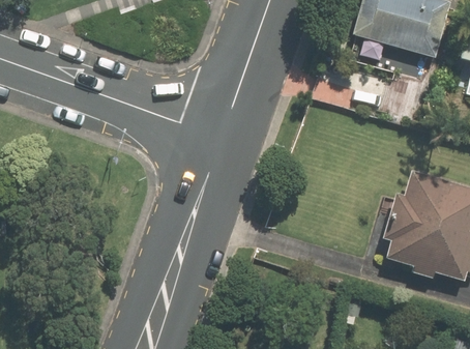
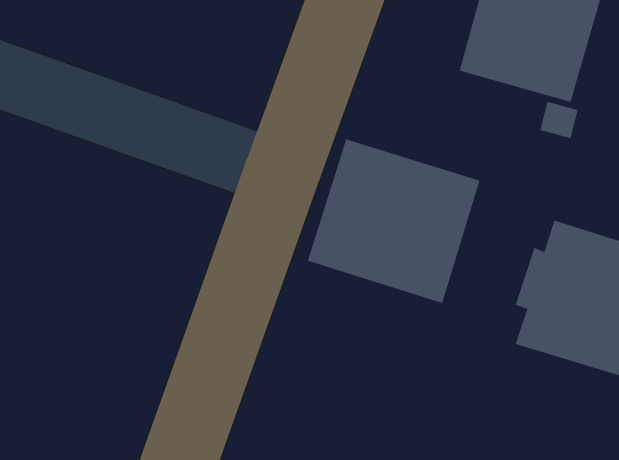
building: none -> [307,138,480,304]

